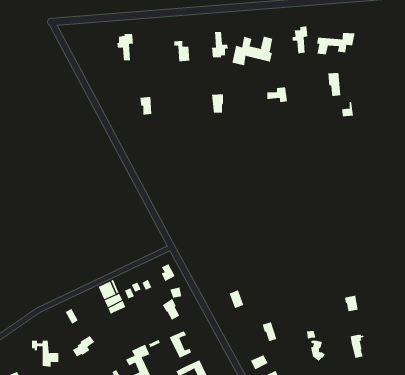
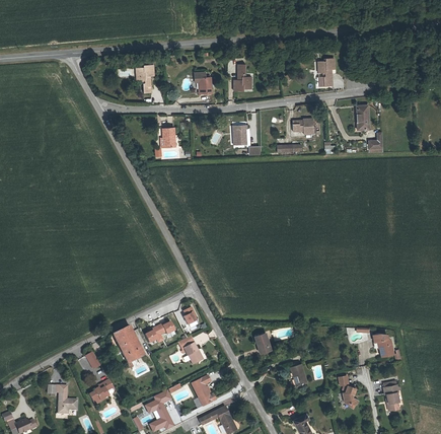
building: [316,32,355,55] -> none
building: [232,36,273,66] -> none

